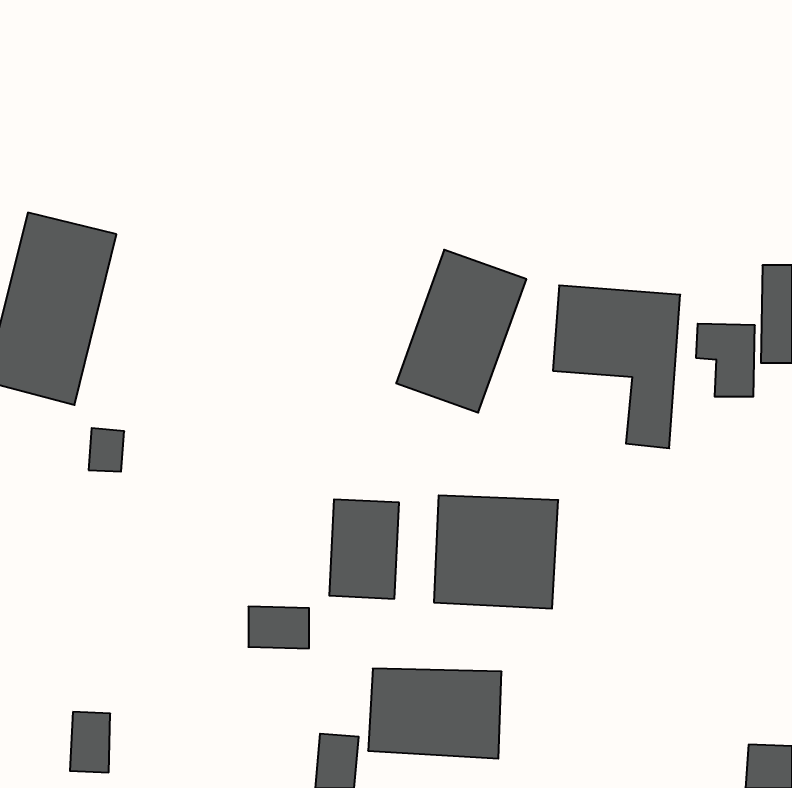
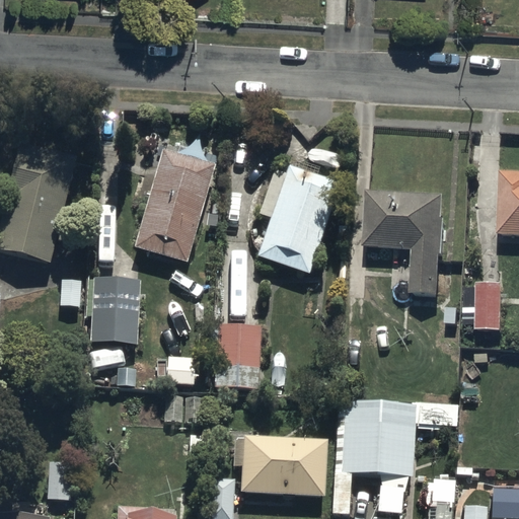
building: none -> [133,149,215,264]
building: [696,324,755,397] -> [464,283,503,330]
building: none -> [88,278,139,349]
building: [434,495,558,609] -> [333,403,415,477]

